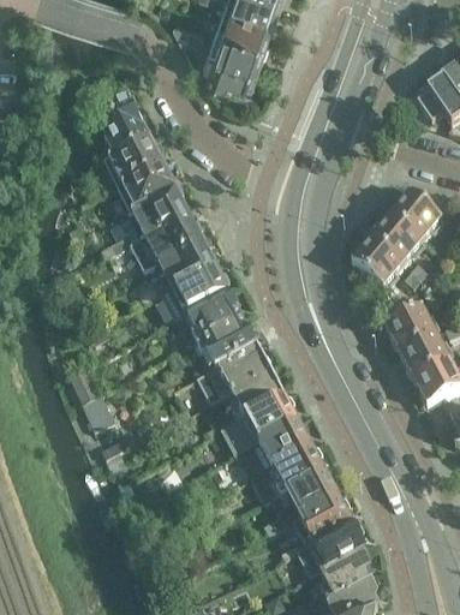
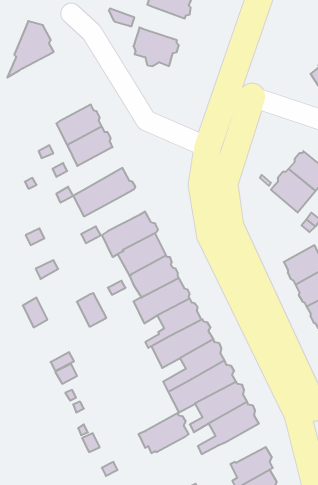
building: [208,11,265,54] -> none
building: [92,95,149,163] -> [7,21,54,78]
building: [130,184,187,234] -> none
building: [156,234,215,286] -> none
building: [350,235,400,285] -> none
building: [79,392,115,432] -> [77,293,106,327]
building: [304,519,365,568] -> [138,412,189,453]

